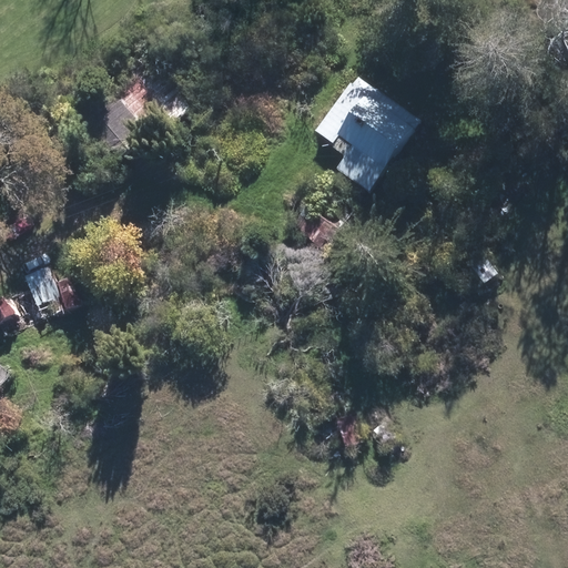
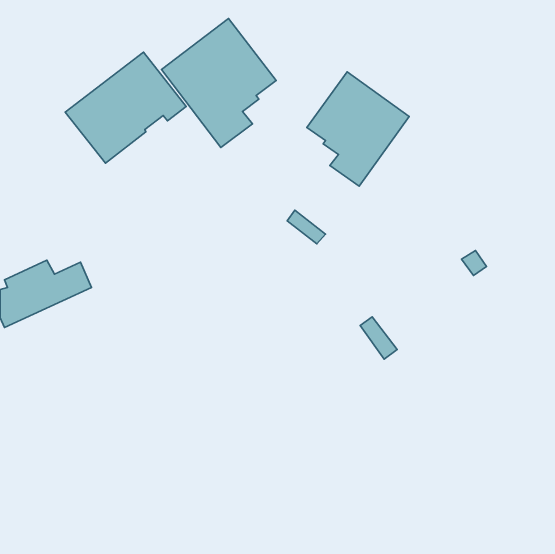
building: none -> [162,18,276,147]

